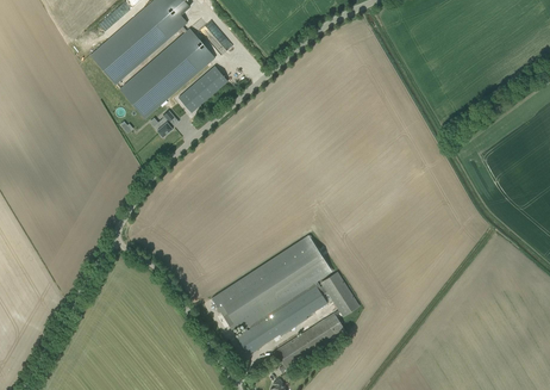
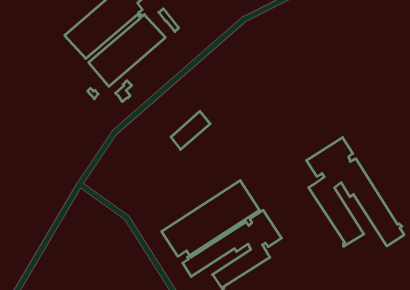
building: [179,64,227,112] -> [171,111,210,150]
building: none -> [306,137,404,246]

